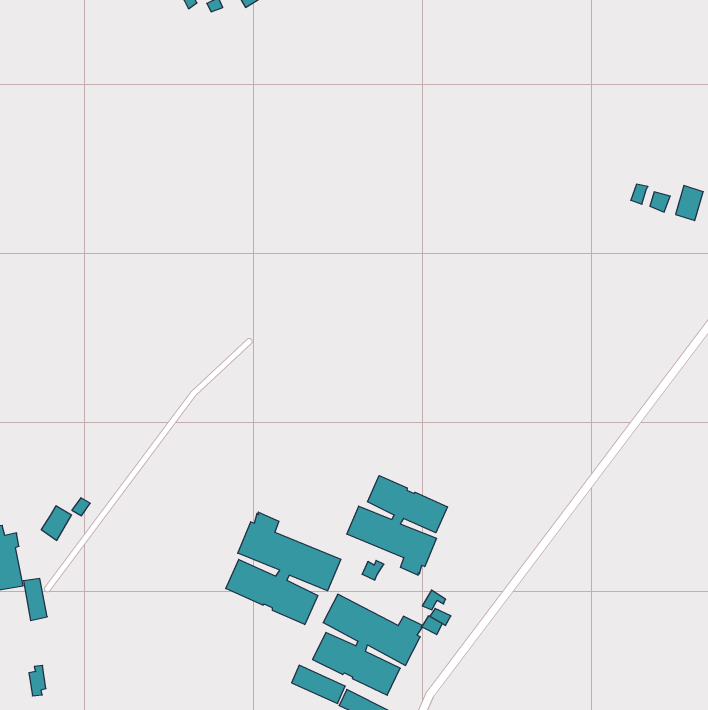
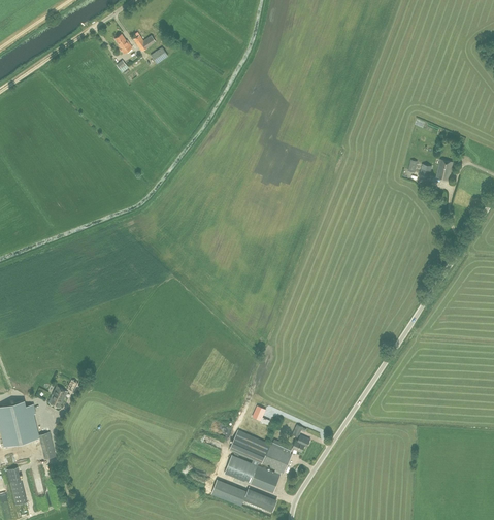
building: [347,476,447,575] -> none
building: [226,512,341,625] -> none

